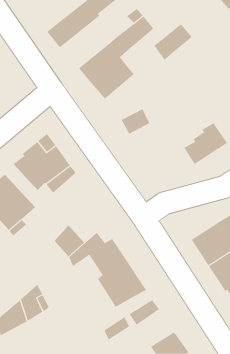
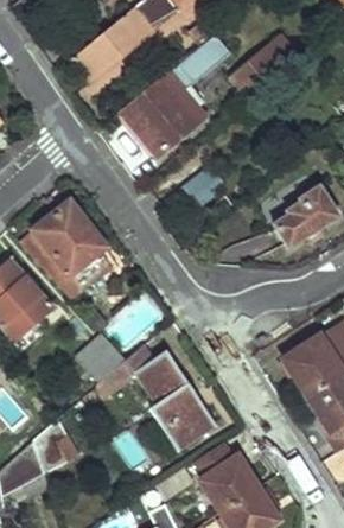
building: none -> [203,458,259,513]

